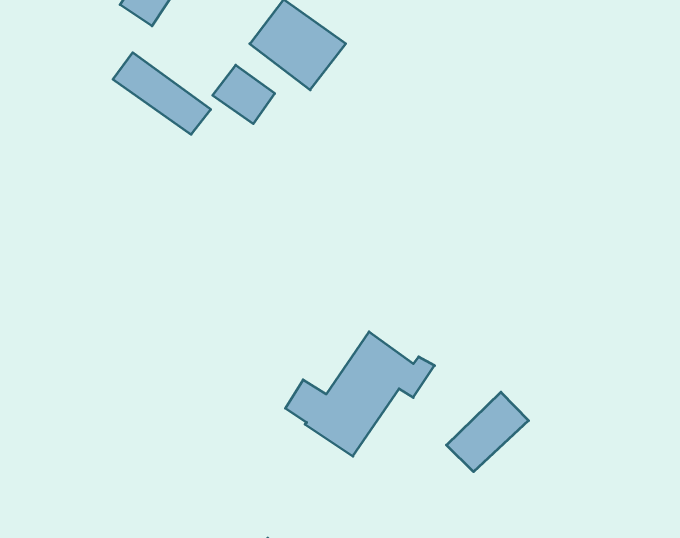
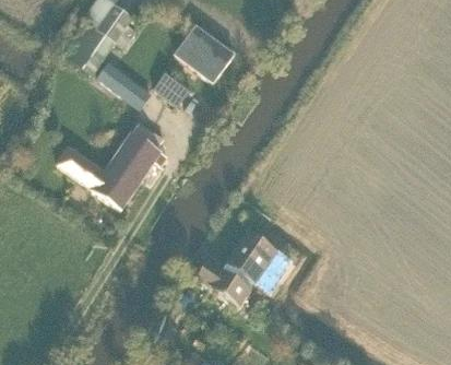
building: none -> [57,122,166,210]
building: [446,392,529,472] -> none

